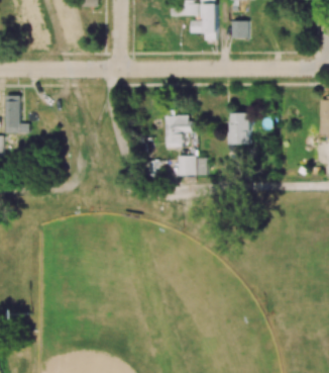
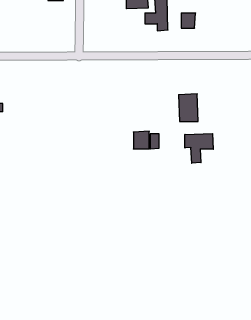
building: [163,115,190,147] -> none
building: none -> [185,134,213,163]

